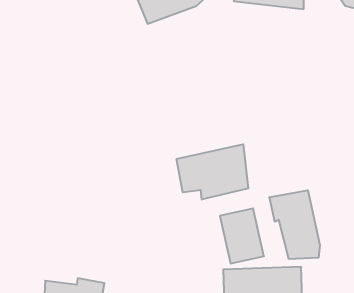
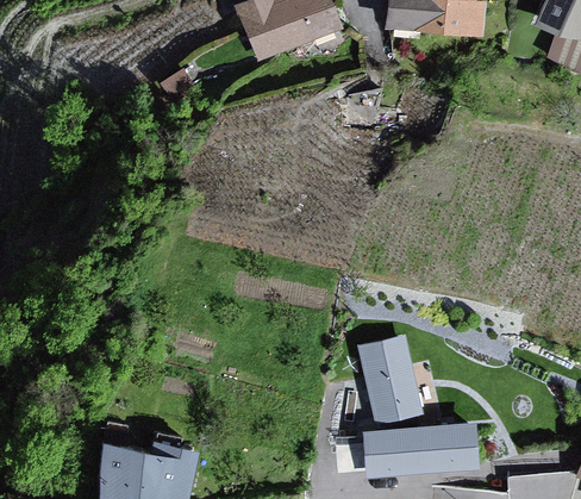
building: [177,144,248,200] -> none
building: [269,190,320,259] -> none

